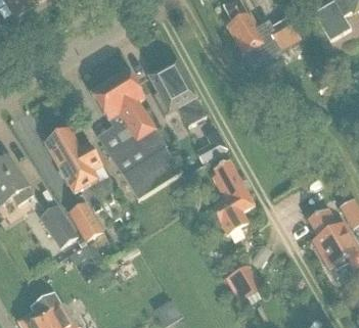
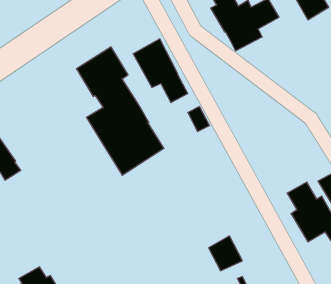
building: [44,128,101,191] -> none
building: [212,160,254,232] -> none
building: [70,202,101,239] -> none
building: [39,204,78,247] -> none

